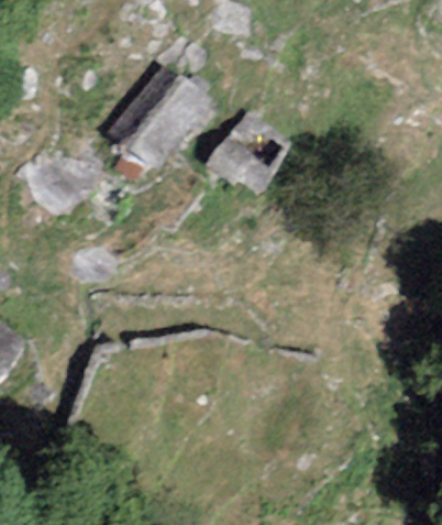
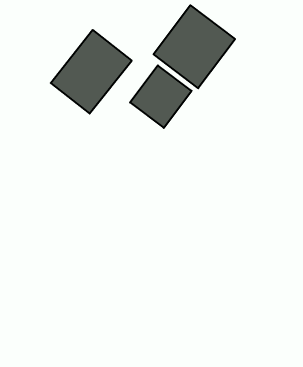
building: none -> [154,5,235,88]

